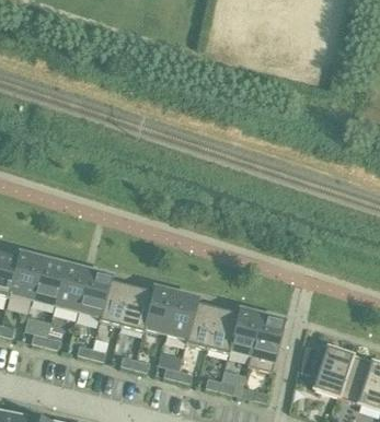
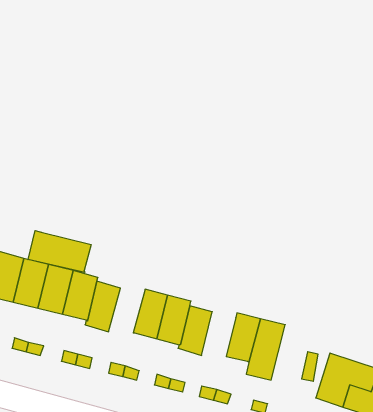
building: none -> [28,231,91,272]
building: [120,284,153,330] -> none
building: [207,306,239,352] -> none

